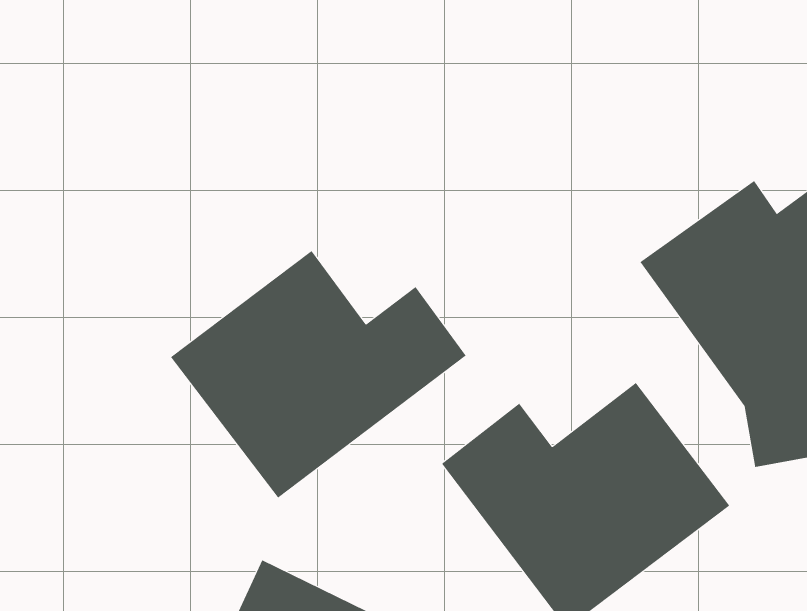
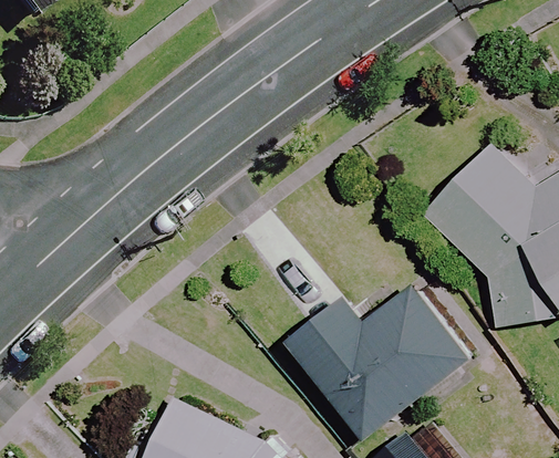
building: [170,250,467,498] -> none

